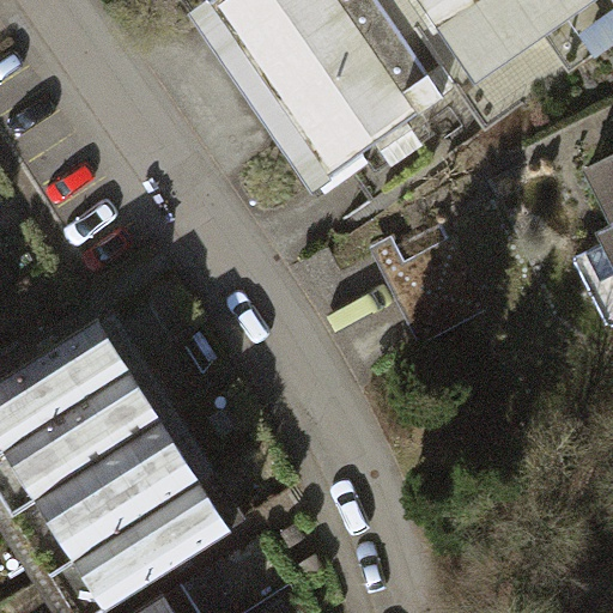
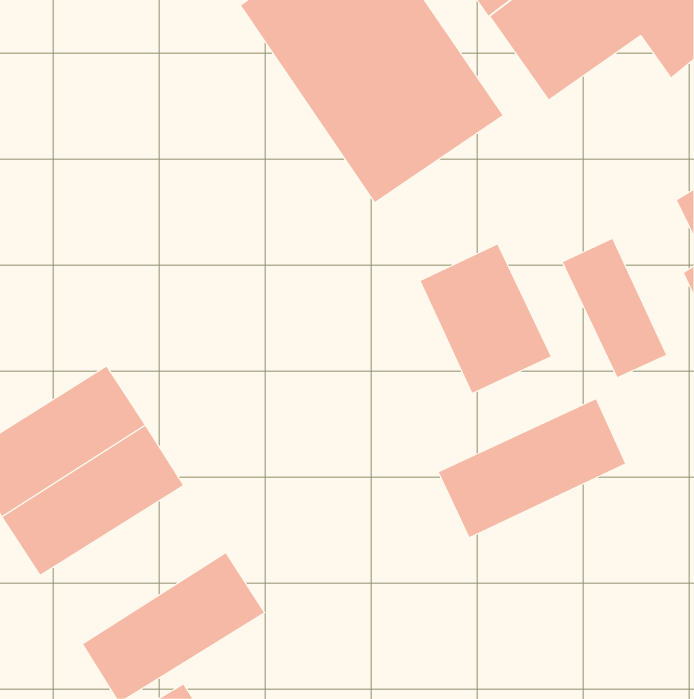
building: none -> [562,238,667,378]
building: none -> [438,398,626,538]
building: [35,424,198,563] -> none

